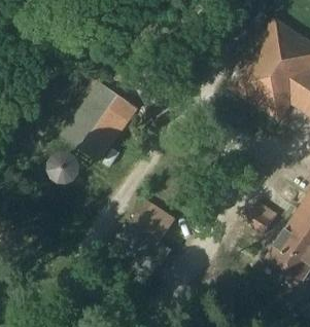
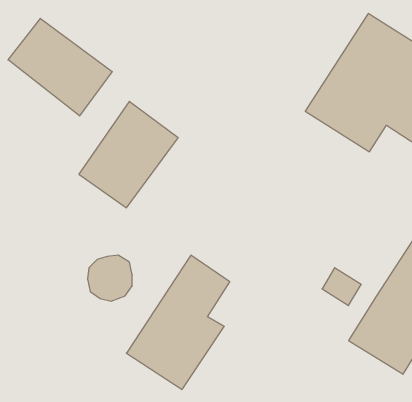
building: none -> [8,18,112,116]
building: [47,152,80,186] -> [87,255,132,301]

